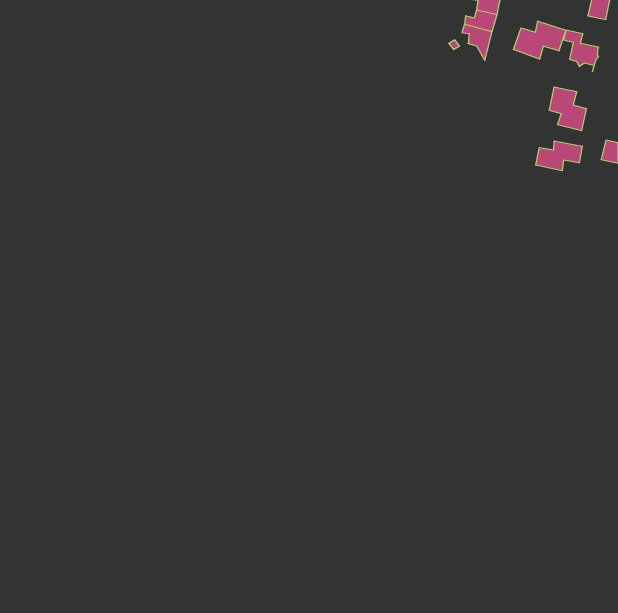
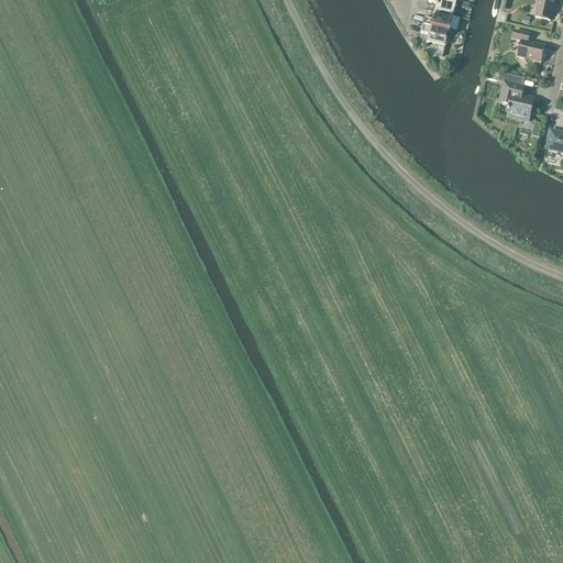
building: [513,21,566,59] -> none
building: [536,141,582,171] -> none

